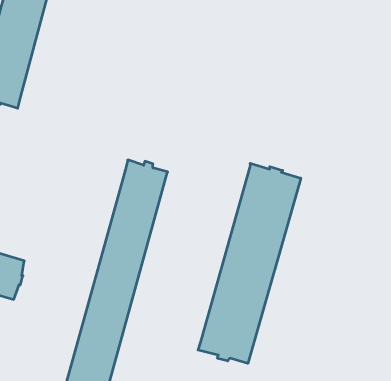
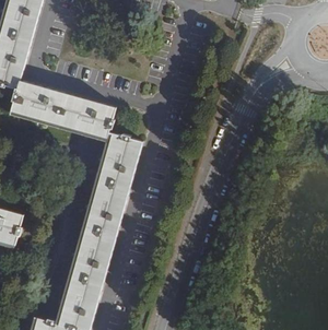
building: none -> [11,81,116,141]
building: [198,163,301,363] -> none

